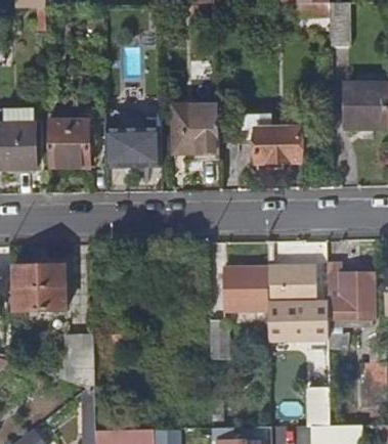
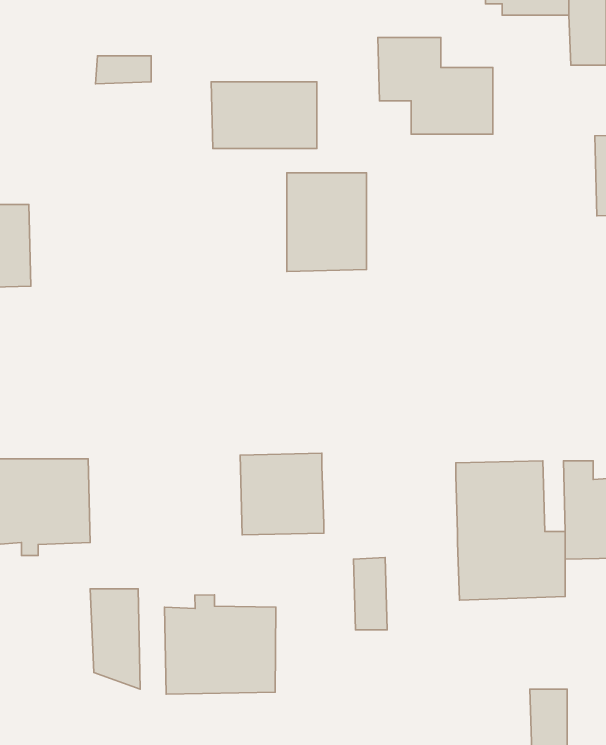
building: [236,108,300,162] -> [378,38,493,134]
building: [47,118,94,167] -> none
building: [103,129,162,166] -> [211,82,317,149]
building: [222,266,268,311] -> [240,453,324,535]
building: none -> [164,595,276,694]

